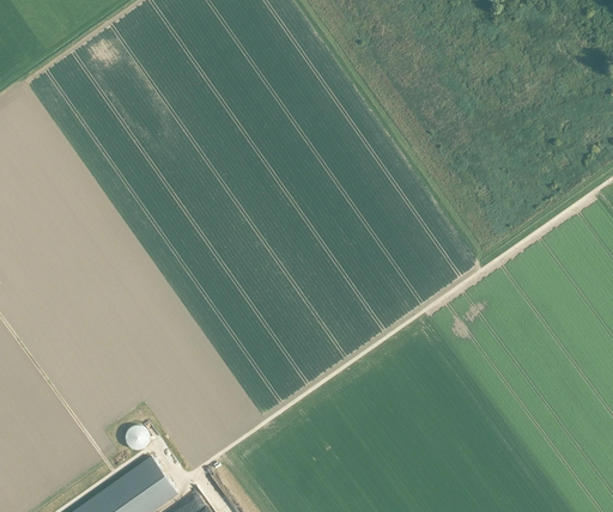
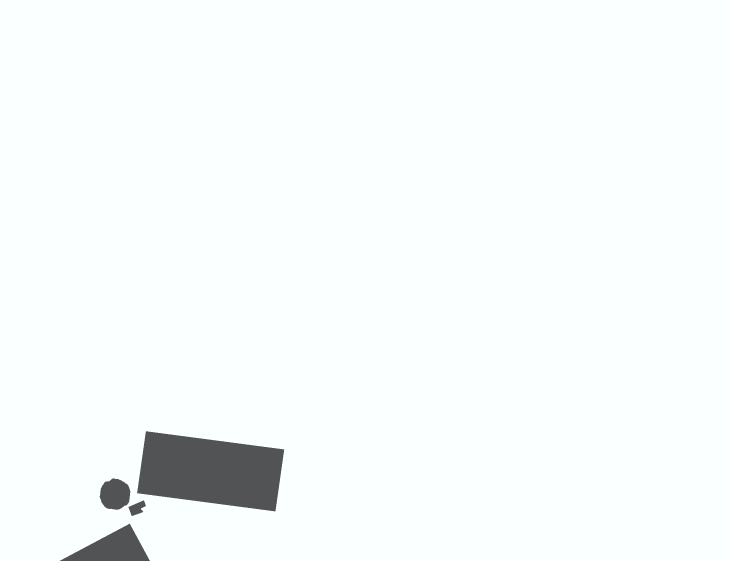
building: none -> [137,430,285,512]

